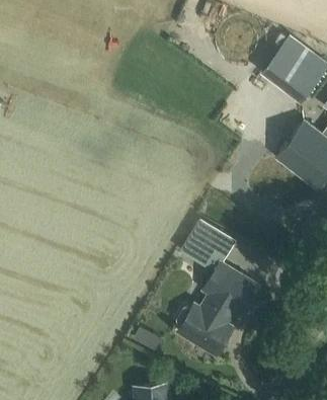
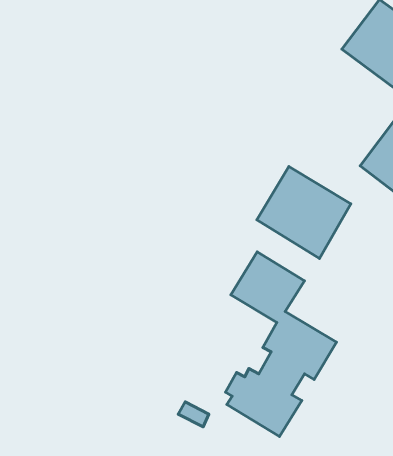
building: none -> [257,166,351,259]

